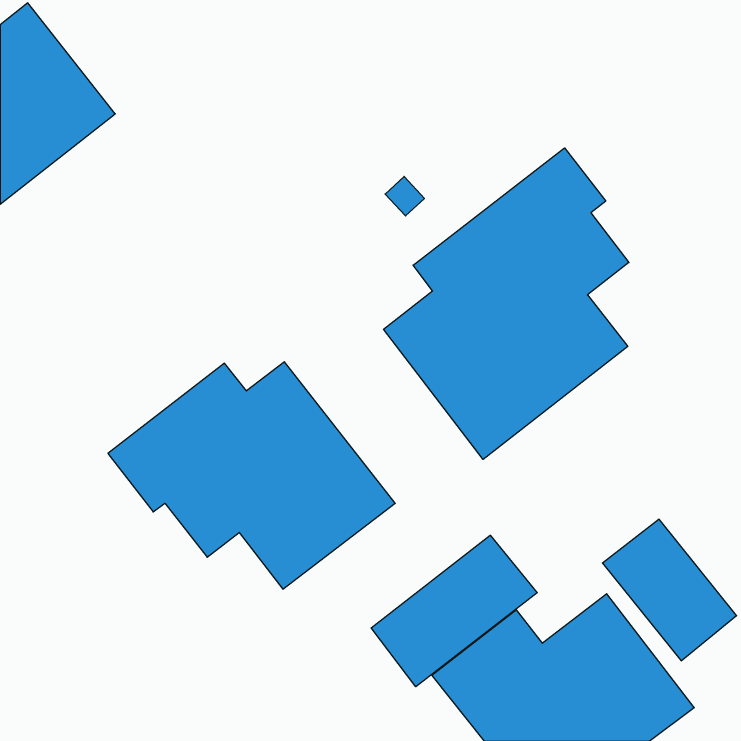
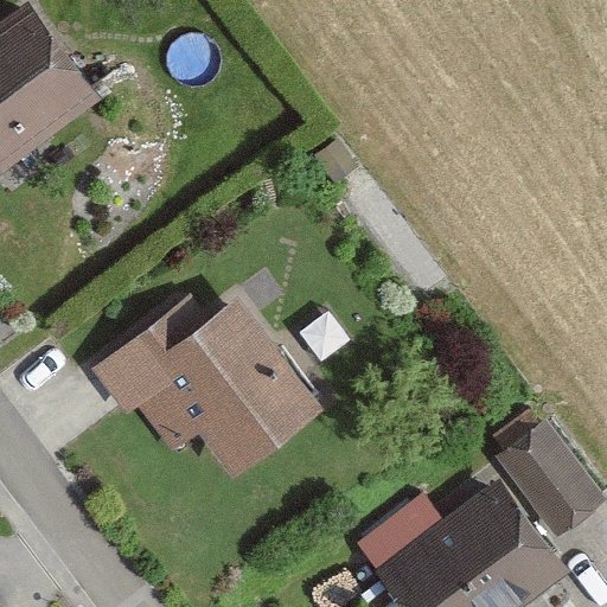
building: [384,148,629,459] -> none
building: [371,535,537,687] -> none

